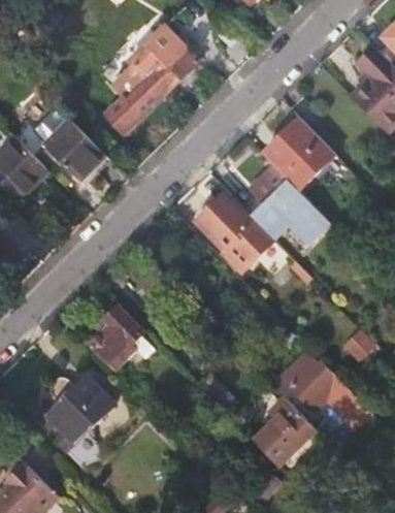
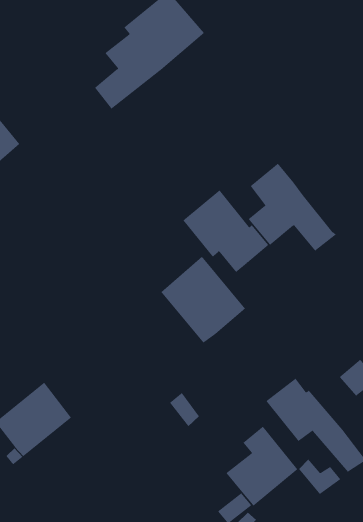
building: [33,109,104,181] -> none
building: [260,118,335,192] -> none
building: none -> [161,256,246,343]
building: [88,307,146,368] -> none

